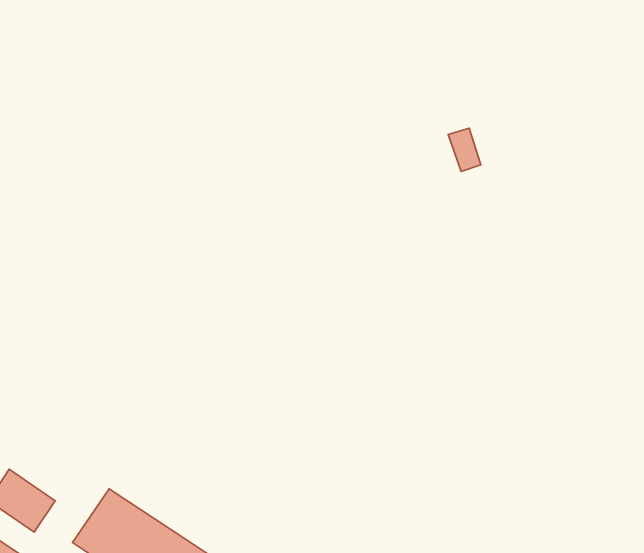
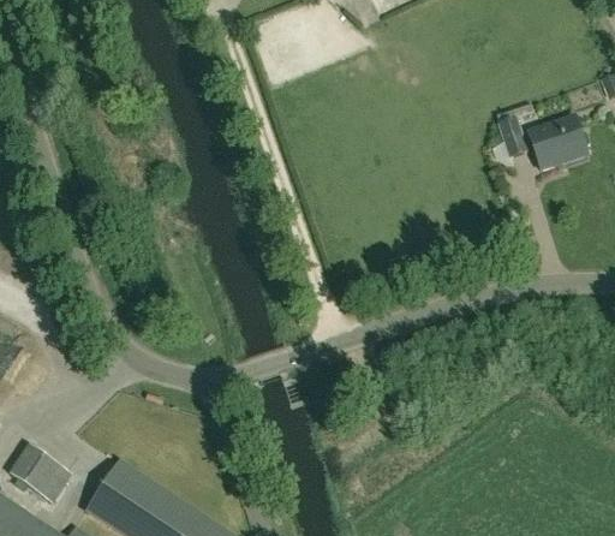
building: none -> [530,117,591,169]
building: [448,128,481,171] -> [500,118,530,157]

